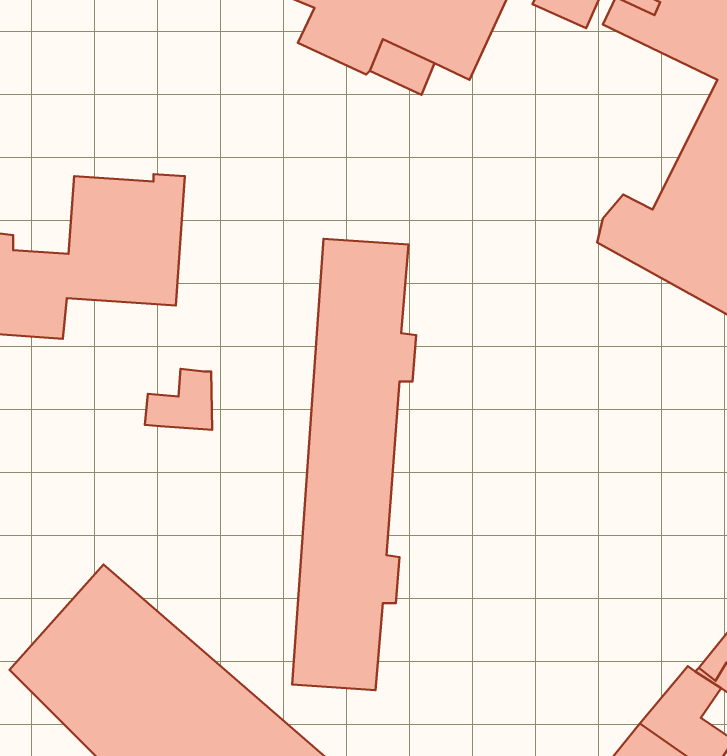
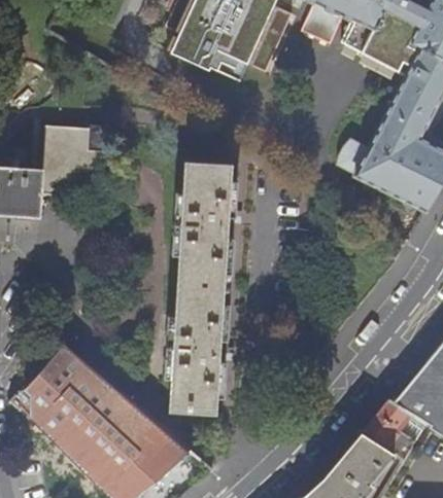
building: [145,369,212,430] -> none

